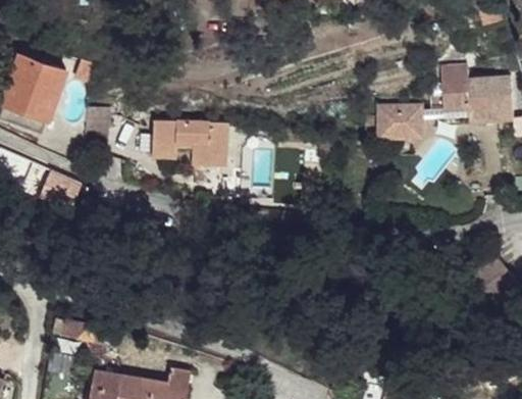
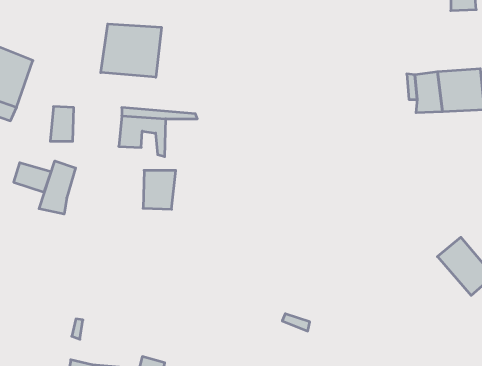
building: none -> [101,24,161,77]
building: [379,98,423,133] -> none
building: [194,130,226,168] -> [143,170,176,209]
building: none -> [39,161,76,214]

